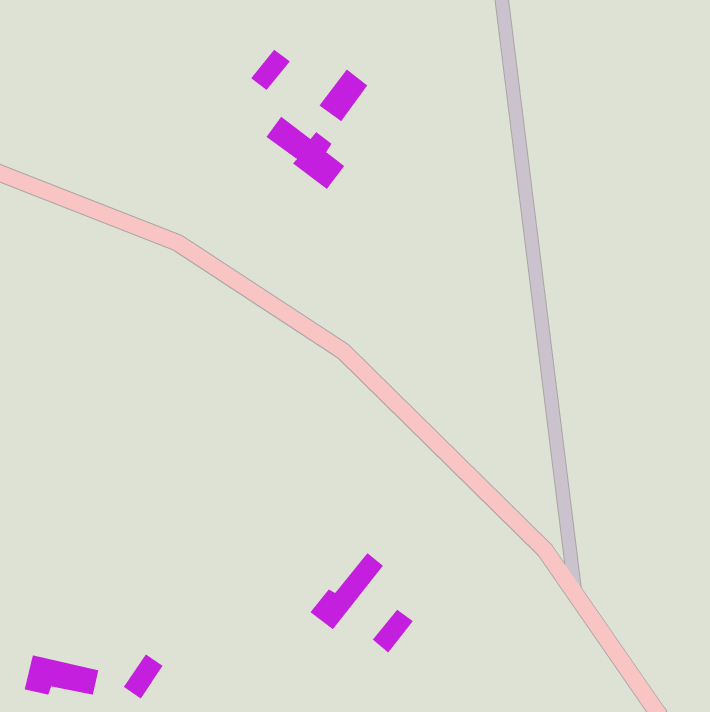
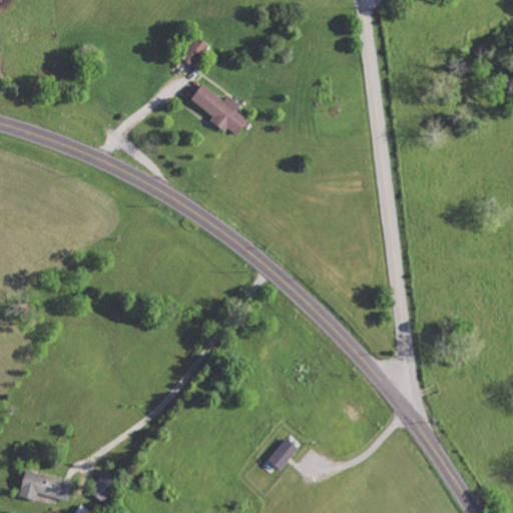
building: [318,68,368,122] -> none
building: [310,552,384,630] -> none

